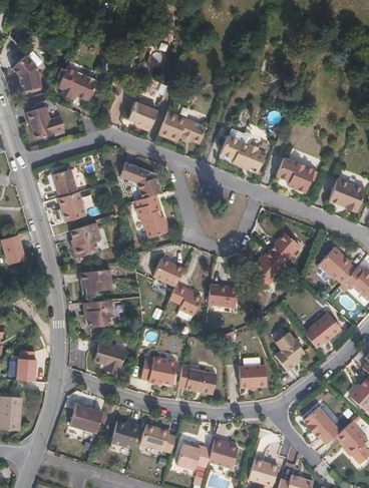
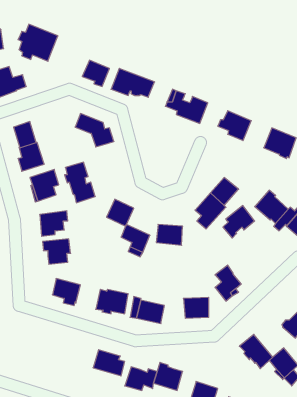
building: [135,193,169,238] -> [65,162,95,203]
building: [307,310,342,346] -> [223,206,255,238]
building: [69,403,102,431] -> none
building: [110,420,139,448] -> none

